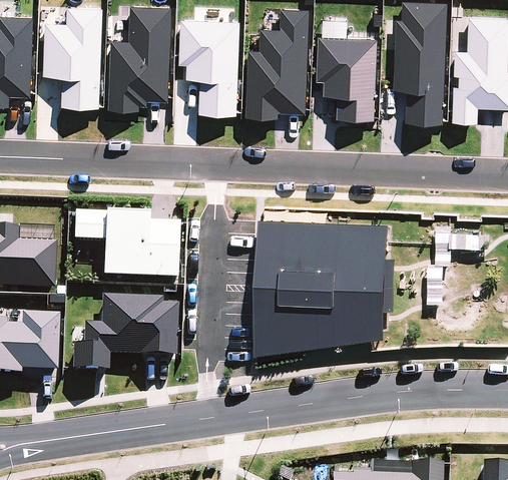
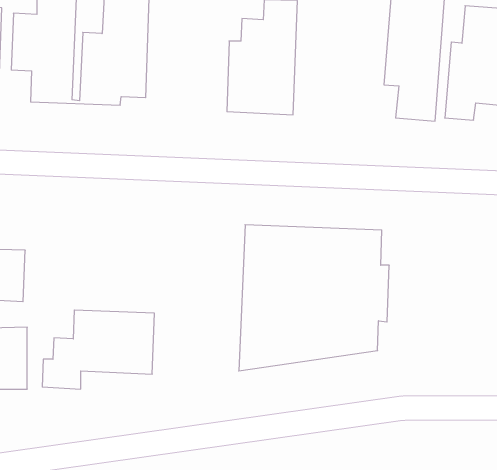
building: [178,18,239,113] -> none
building: [315,34,377,120] -> none
building: [72,214,178,283] -> none

